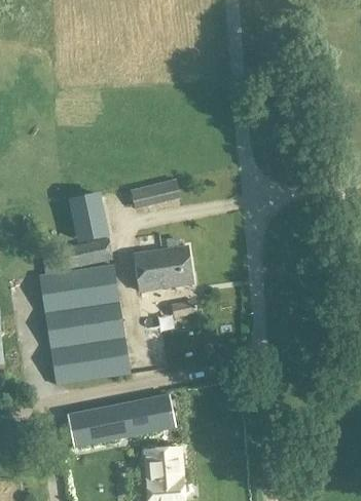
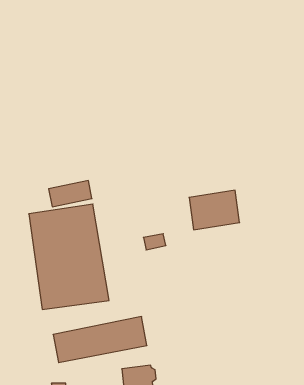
building: [131,178,180,208] -> none
building: [68,192,110,241] -> none
building: [136,244,193,290] -> [189,190,240,230]

